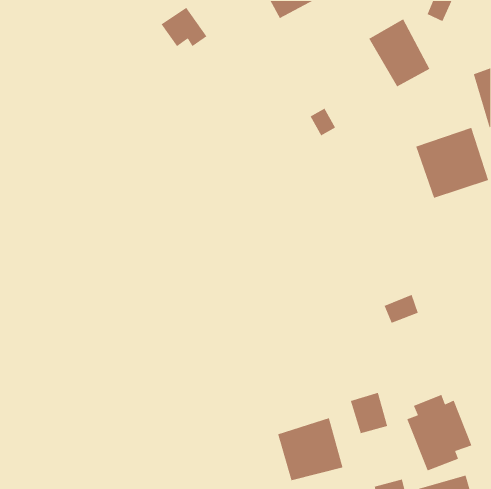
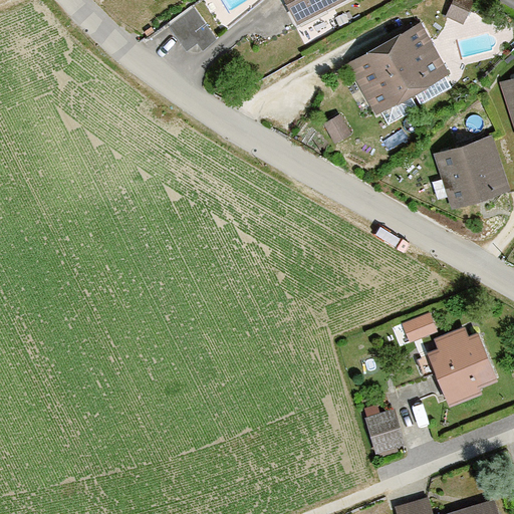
building: none -> [346,42,415,115]
building: [406,394,472,472] -> [428,329,497,411]
building: [277,417,344,481] -> none

